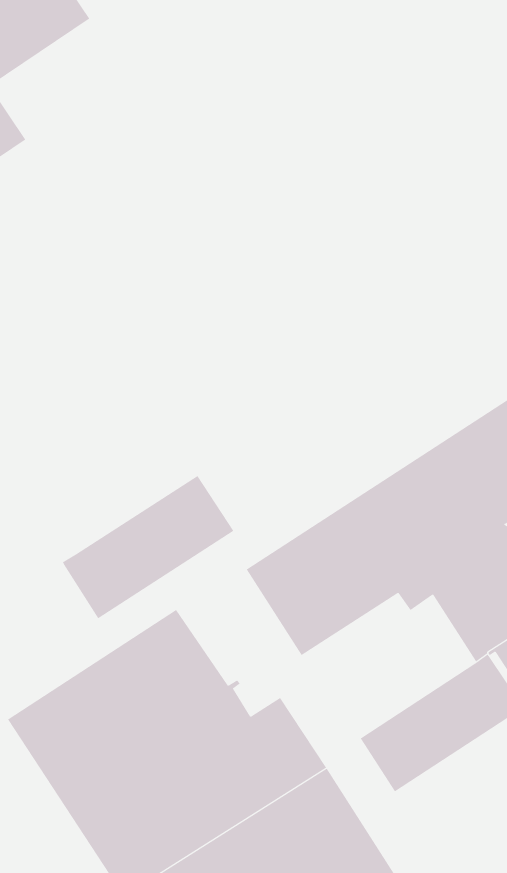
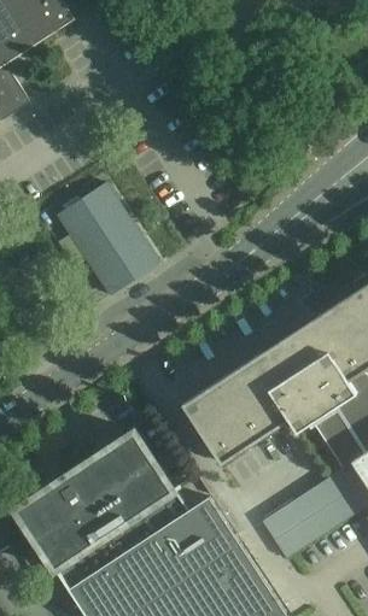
building: none -> [57,182,158,294]
building: [62,475,234,619] -> none

